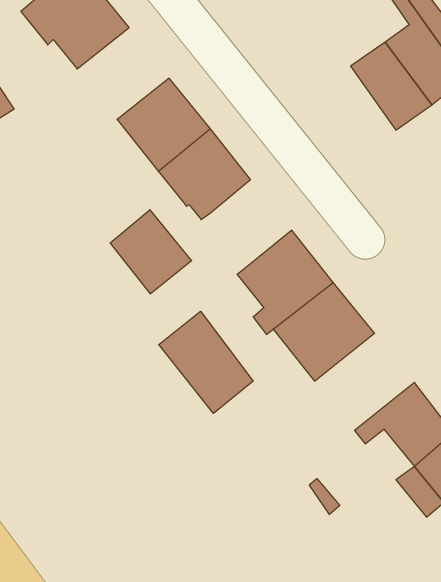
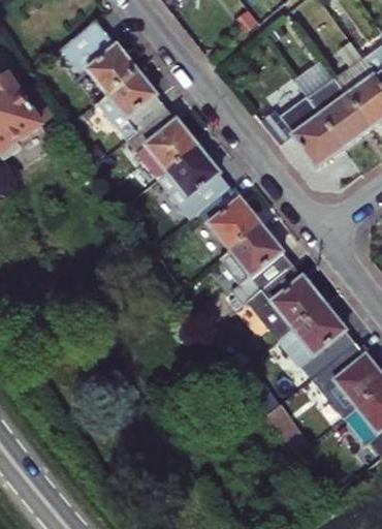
building: none -> [95,66,166,137]
building: none -> [252,80,342,166]
building: [110,210,192,294] -> [198,184,261,249]
building: [159,311,253,413] -> none
building: none -> [279,303,356,378]

